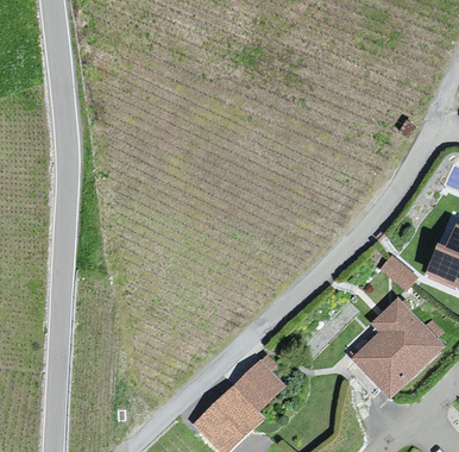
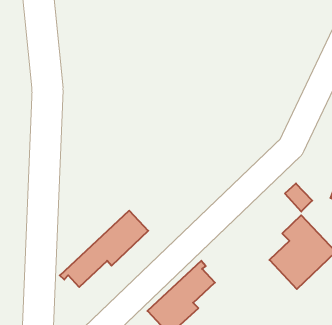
building: none -> [60,211,148,287]

